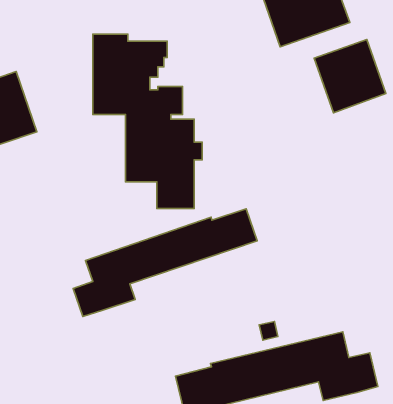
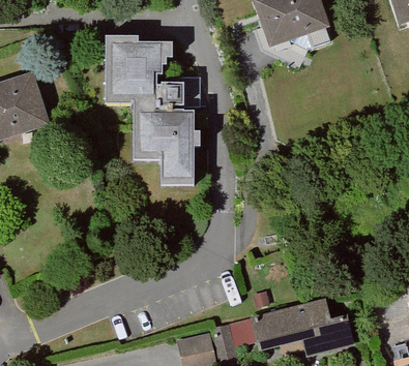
building: [314,40,386,113] -> none
building: [73,209,257,316] -> none

